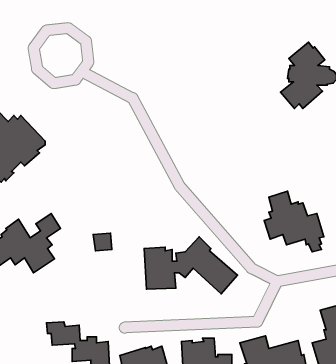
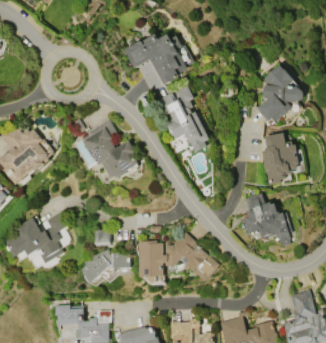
building: none -> [124,33,194,85]
building: none -> [154,85,210,152]
building: none -> [82,119,139,179]
building: none -> [262,133,299,185]
building: none -> [83,250,131,283]

